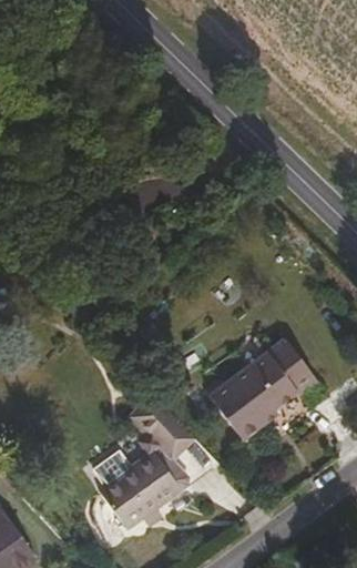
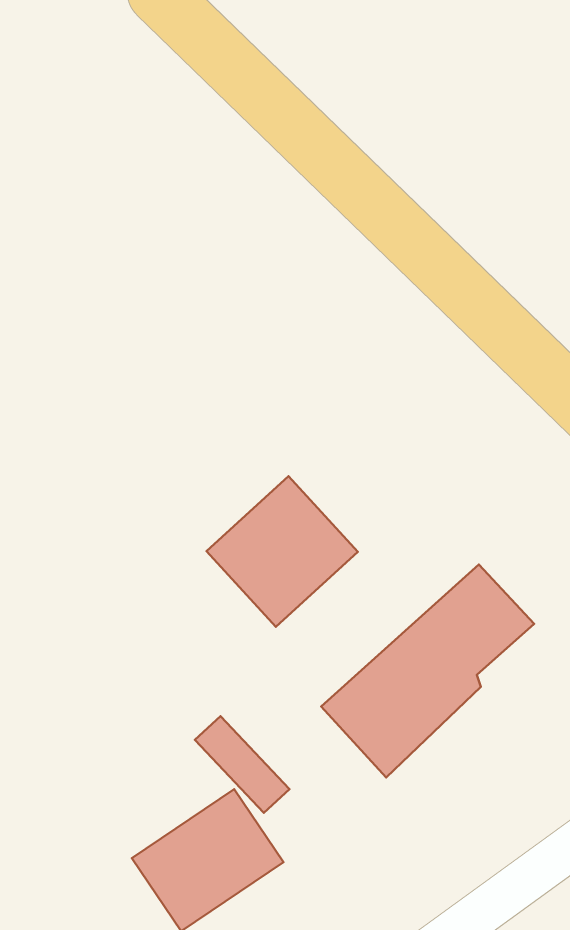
building: none -> [206,476,358,627]

